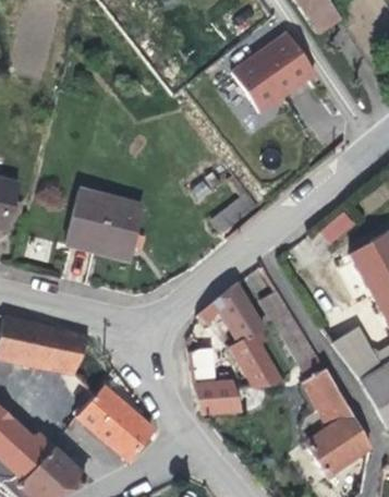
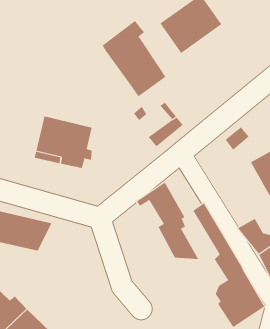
building: none -> [102,20,166,97]
building: [187,347,241,412] -> none
building: [82,386,151,461] -> none

